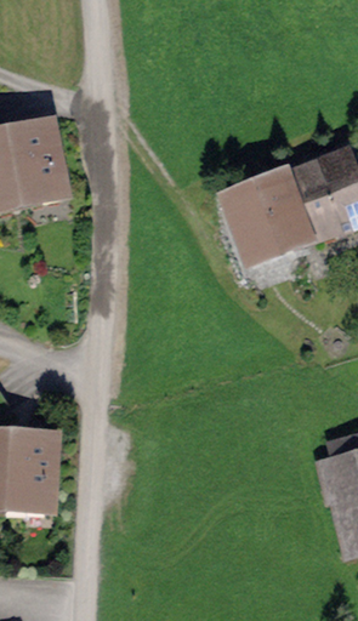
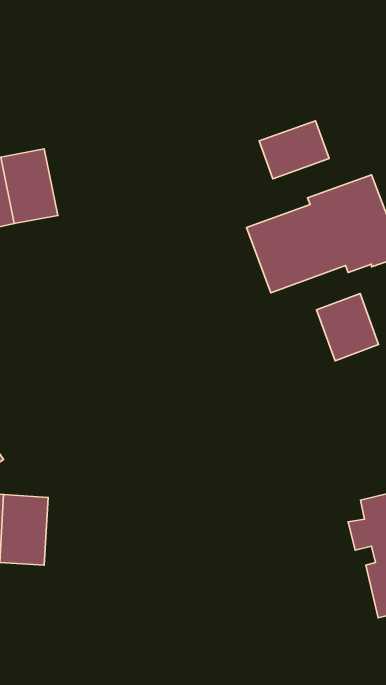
building: none -> [259,121,329,179]
building: none -> [317,294,379,361]

